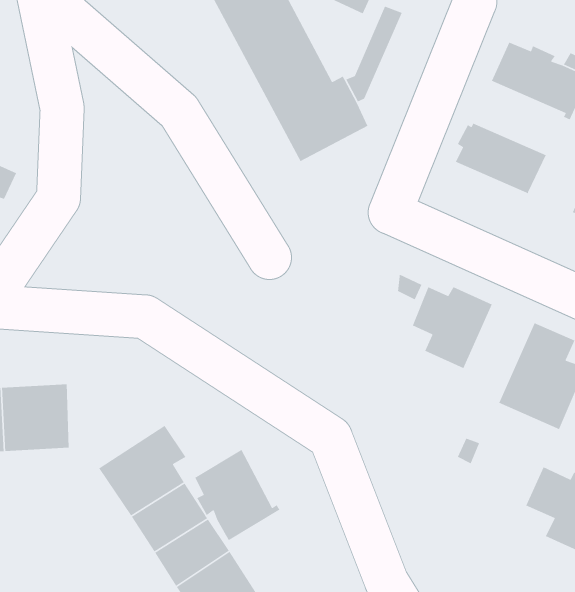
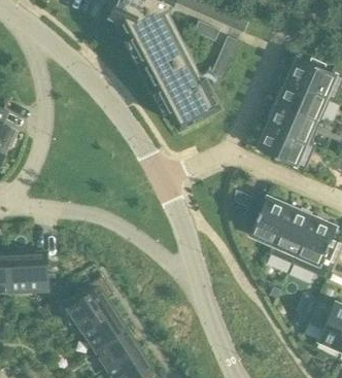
building: none -> [276,79,331,122]
building: none -> [259,126,315,169]
building: none -> [269,207,313,264]
building: [194,449,280,541] -> none

